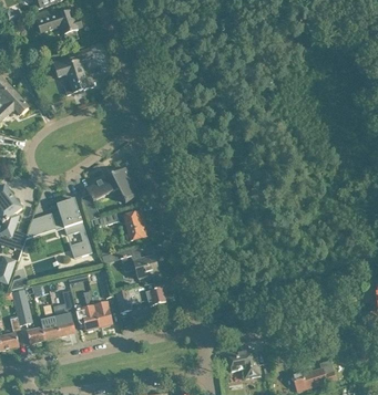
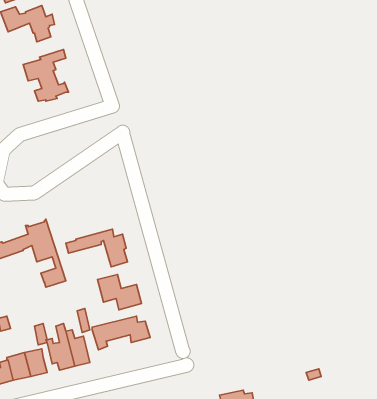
building: [83,164,139,220] -> none

